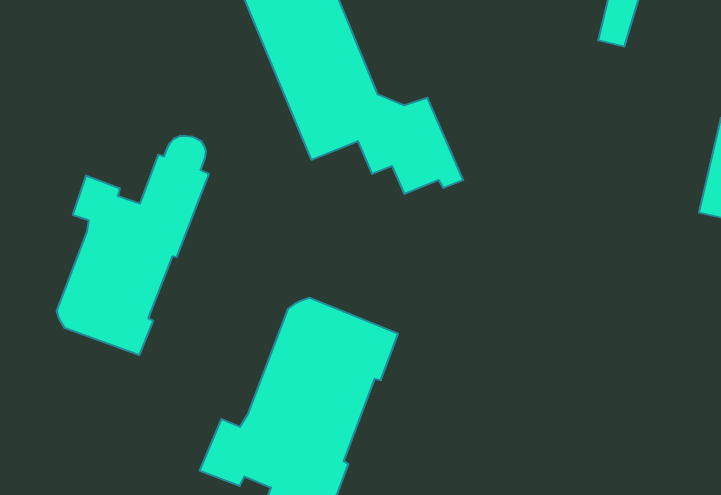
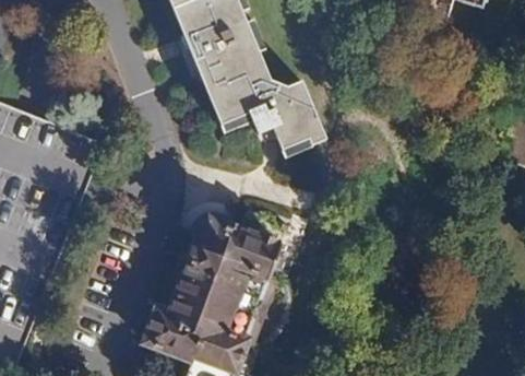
building: [57,136,209,355] -> none

